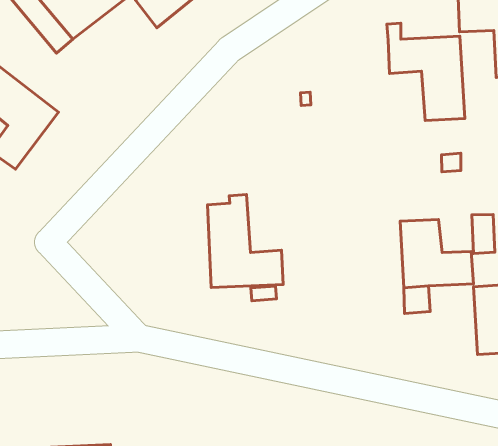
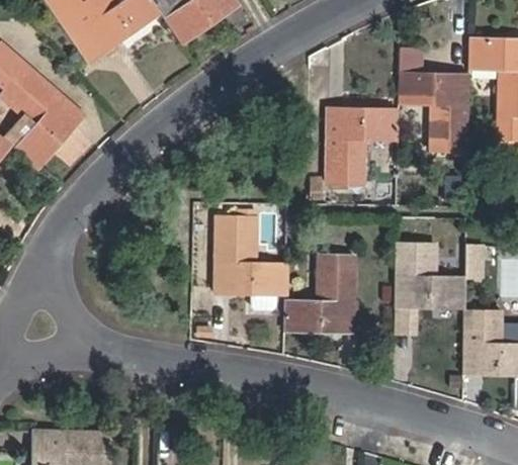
building: none -> [328,108,398,187]
building: none -> [283,254,355,332]

